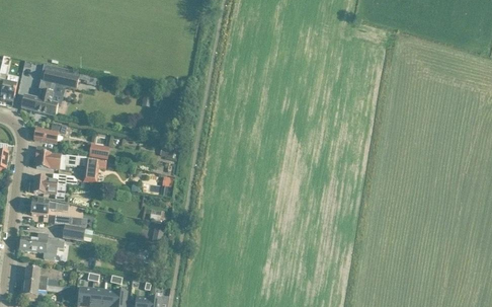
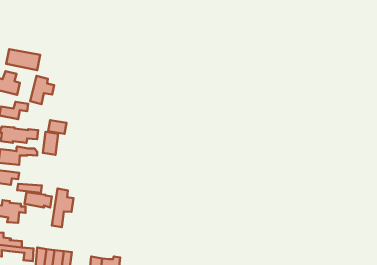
building: none -> [30,76,54,104]
building: none -> [52,189,73,227]

